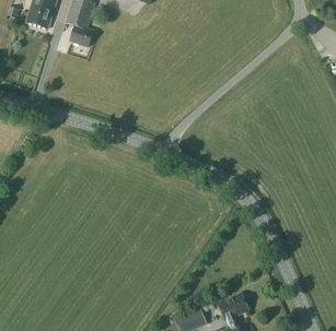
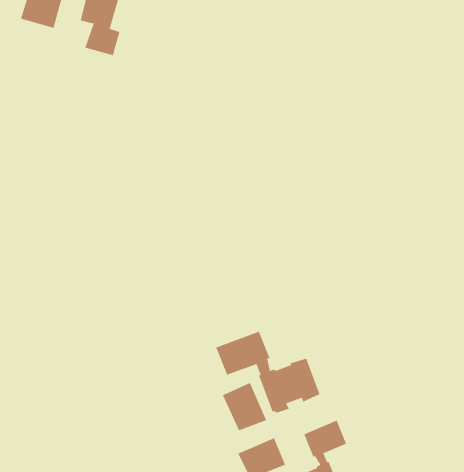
building: none -> [216,331,320,413]
building: none -> [222,382,267,431]

